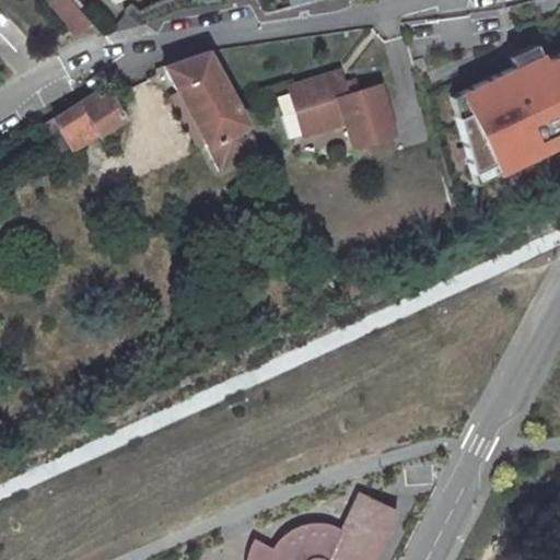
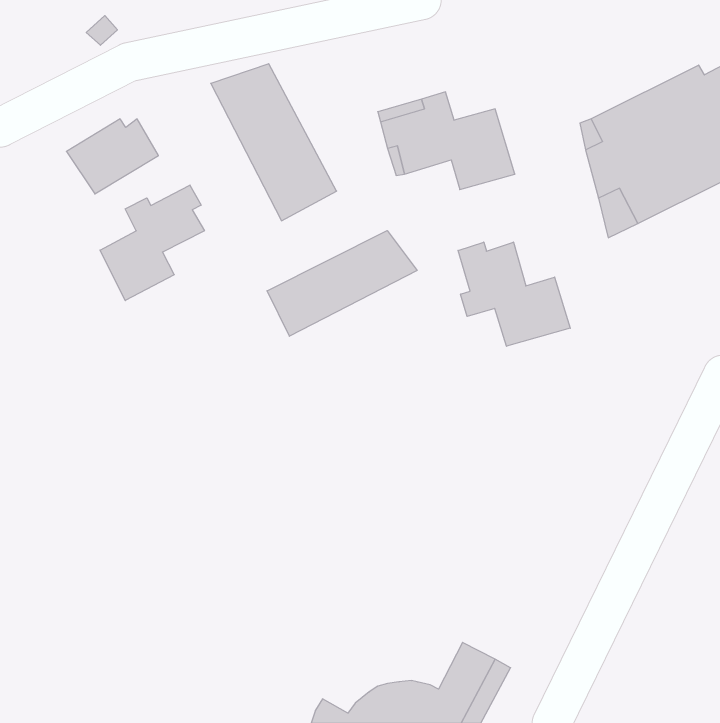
building: none -> [100,185,204,301]
building: none -> [267,231,417,336]
building: none -> [458,242,570,346]

